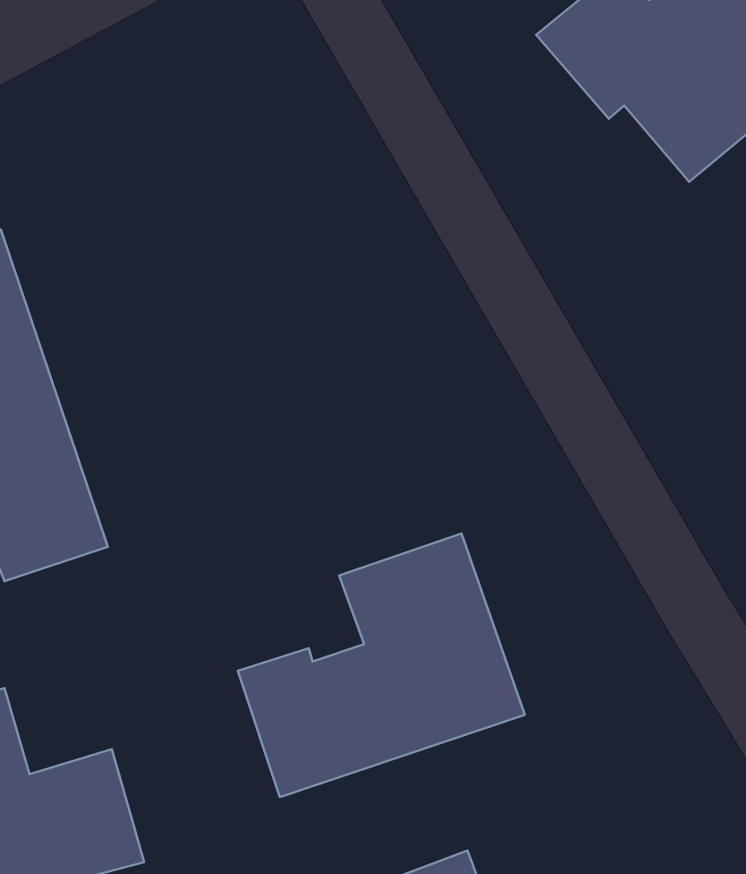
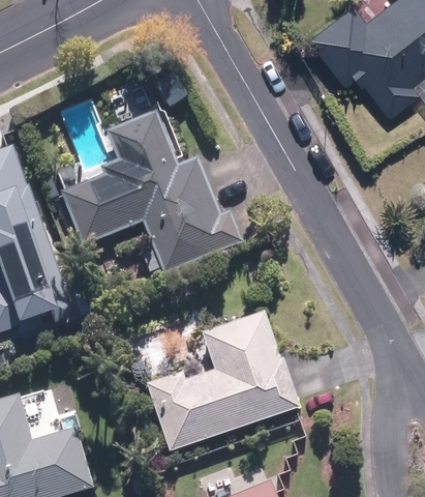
building: none -> [59,110,244,274]

